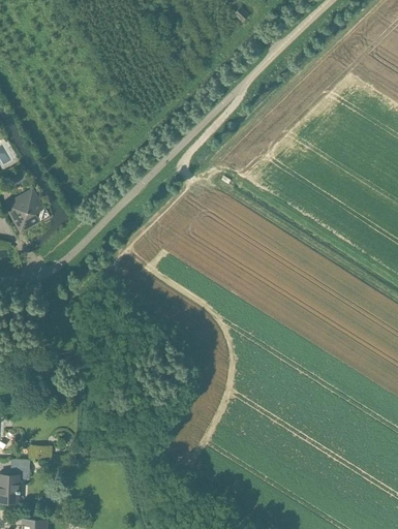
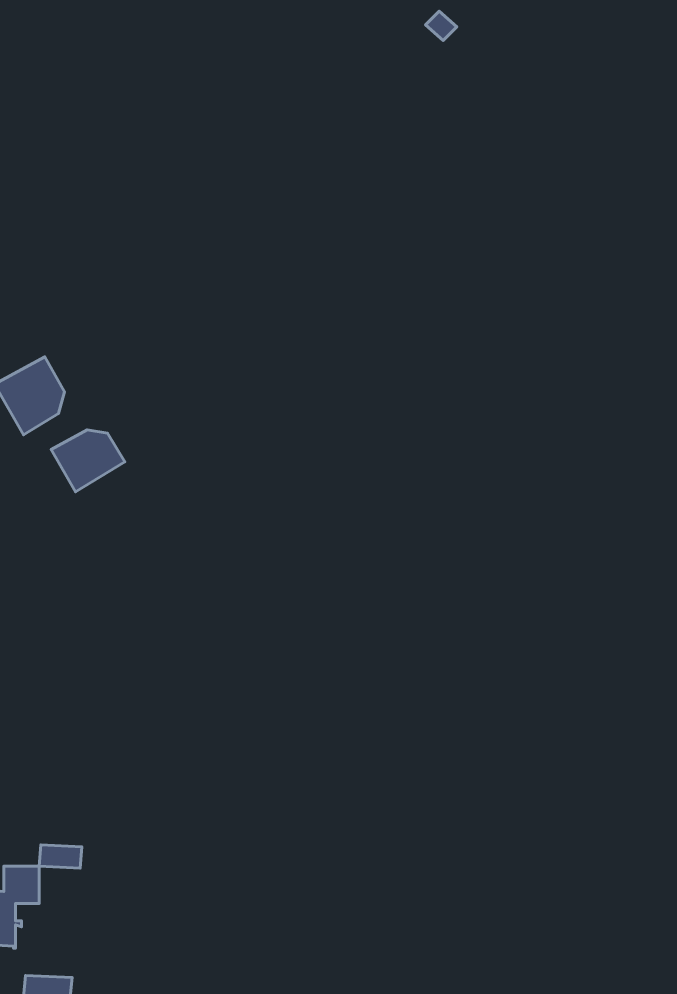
building: none -> [51,430,125,492]

